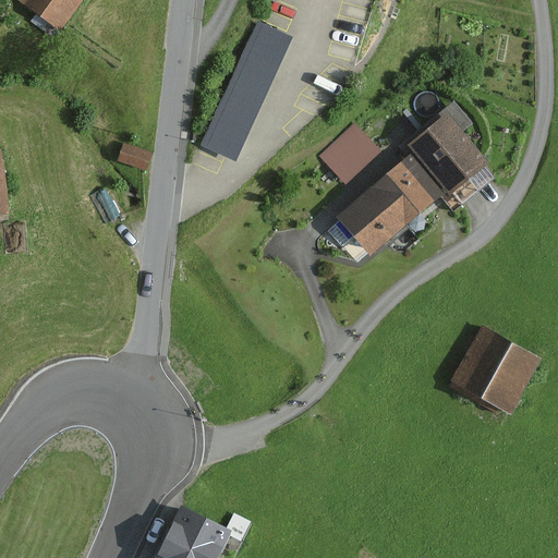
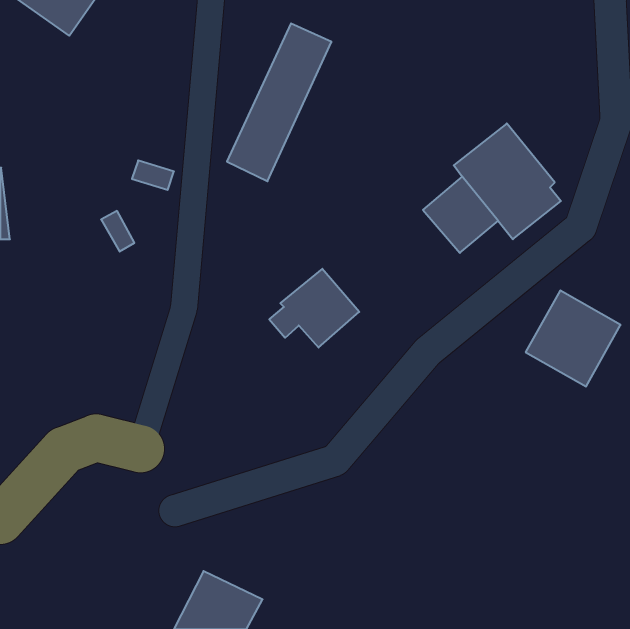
building: [319,122,381,184] -> none
building: [327,185,407,255] -> [269,269,359,348]
building: [448,333,532,418] -> [526,290,621,387]

